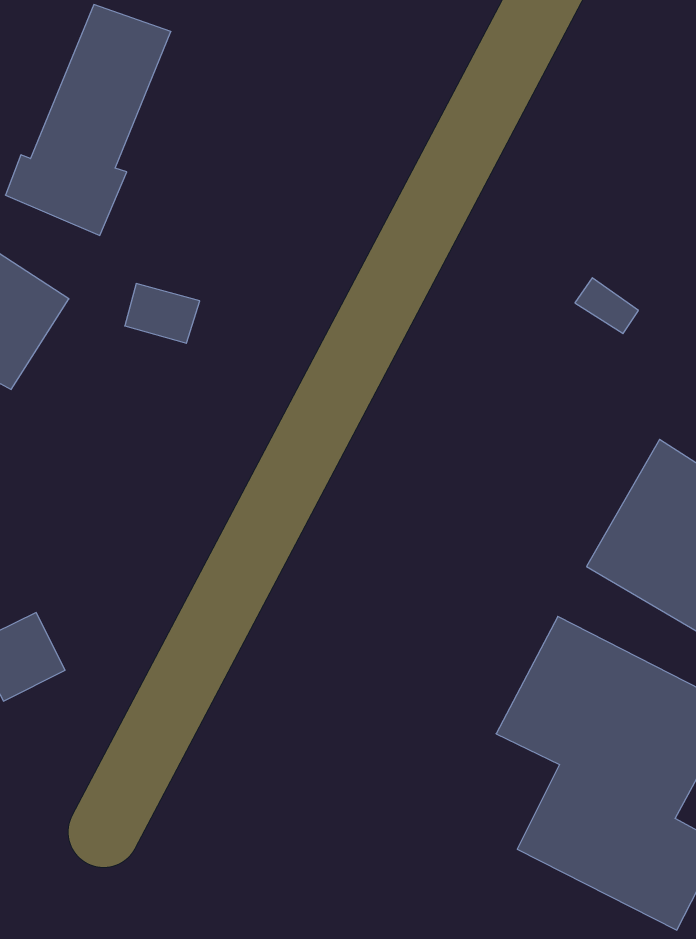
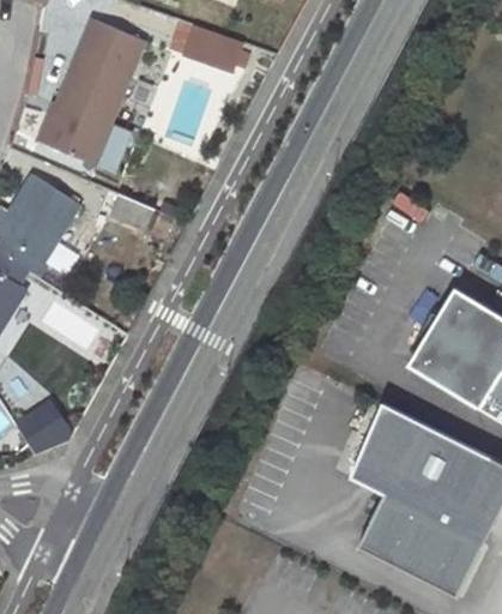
building: none -> [189,28,258,71]

